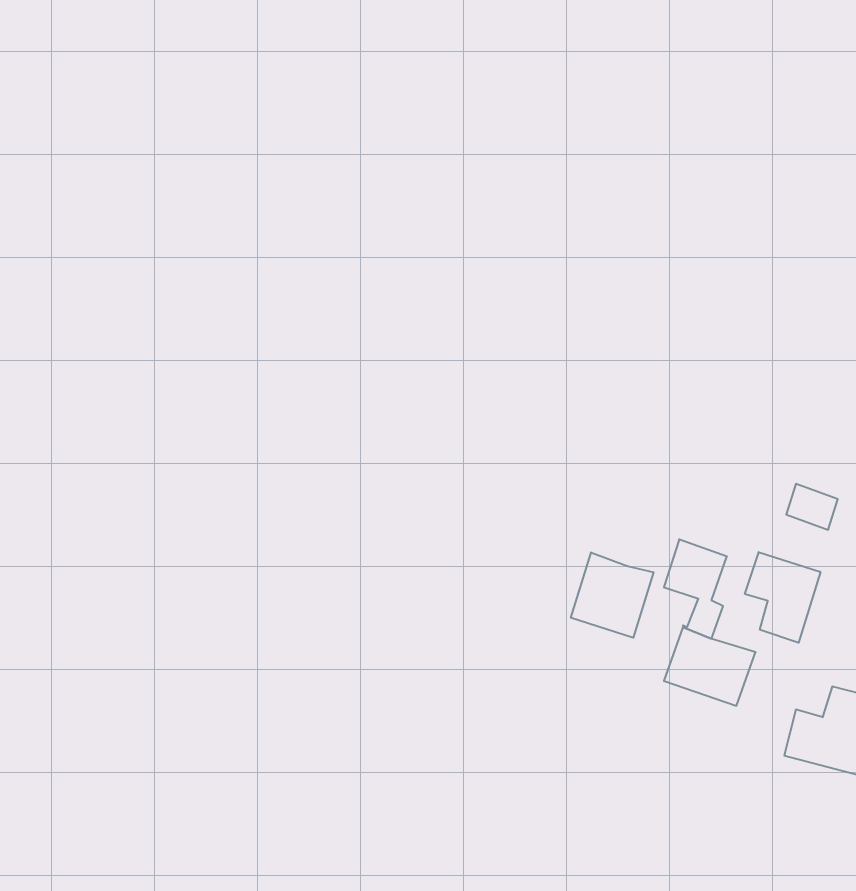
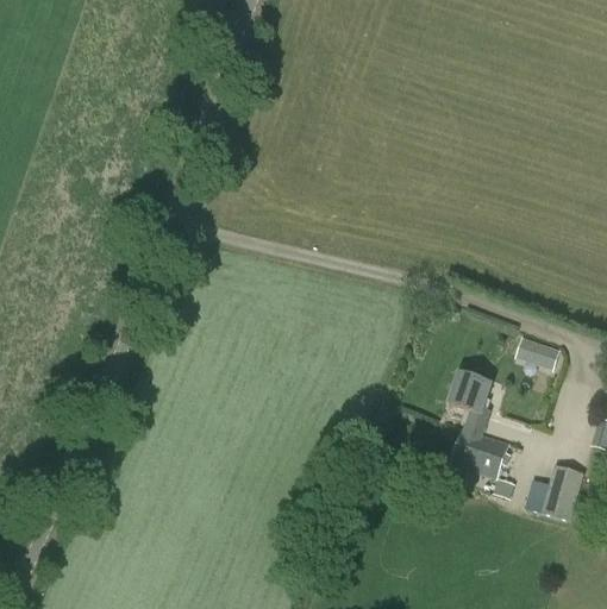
building: [745,552,820,643] -> none
building: [571,552,654,638] -> none

